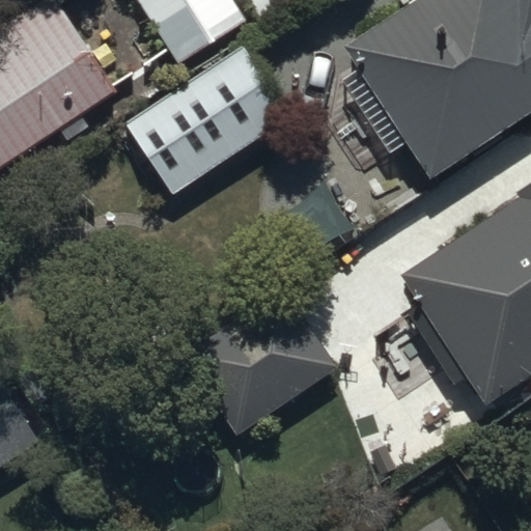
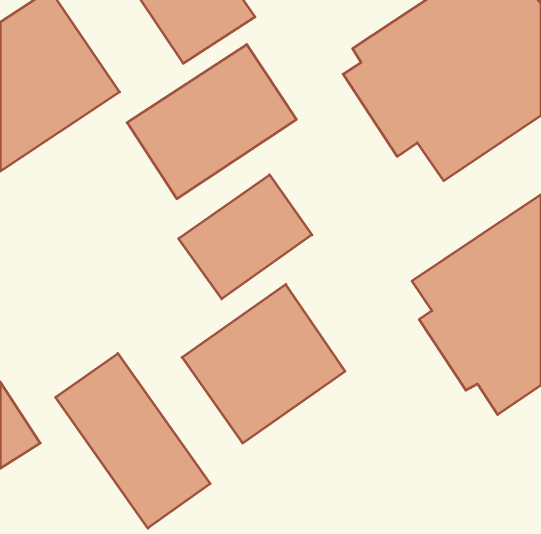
building: none -> [179,175,312,299]
building: none -> [56,353,210,528]

